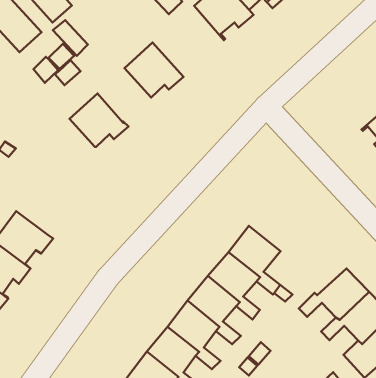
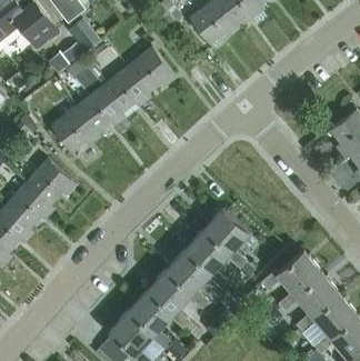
building: none -> [101,67,150,113]
building: none -> [50,107,100,157]
building: none -> [24,159,76,204]

